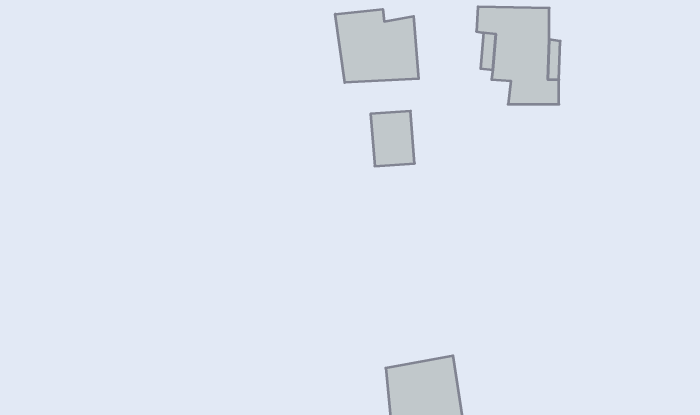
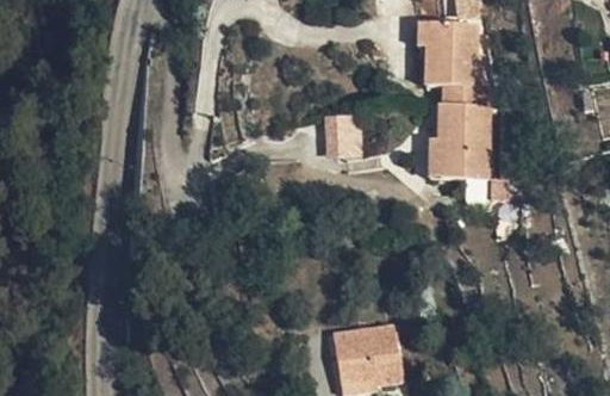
building: [335,9,419,83] -> none
building: none -> [427,105,496,179]

